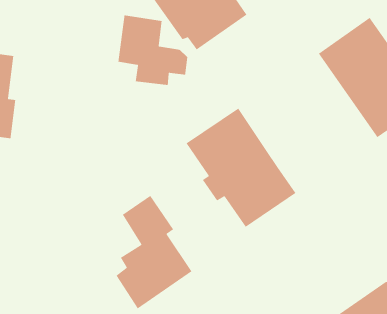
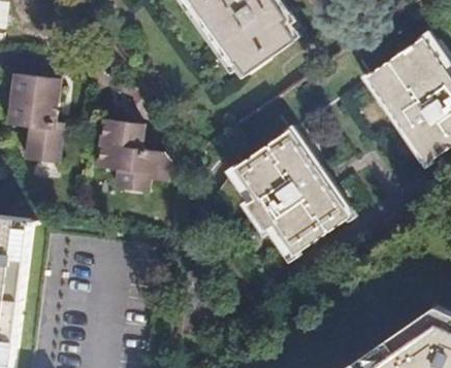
building: [118,14,188,86] -> [97,119,168,191]
building: [116,195,192,310] -> none

